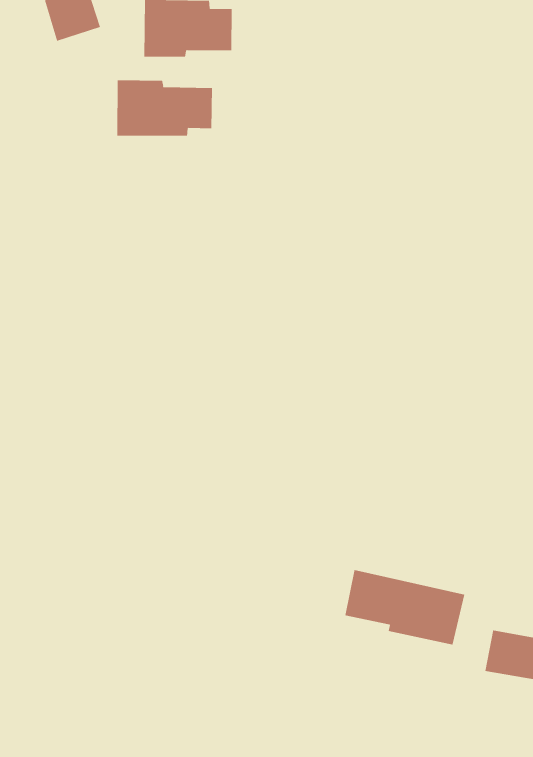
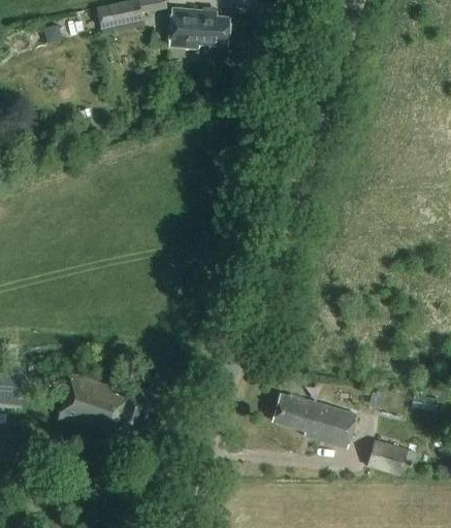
building: [117,80,212,137] -> none
building: none -> [59,373,142,446]

